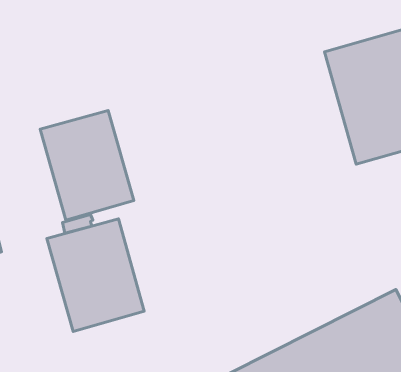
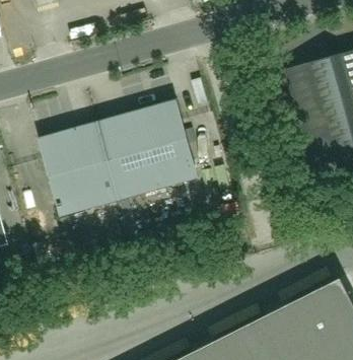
building: none -> [95,100,195,200]
building: [47,219,144,332] -> none

